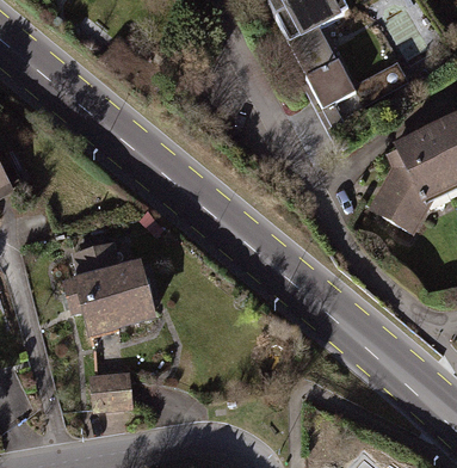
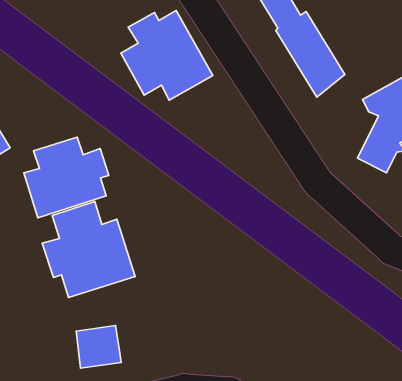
building: none -> [121,11,213,100]
building: none -> [24,137,109,218]

